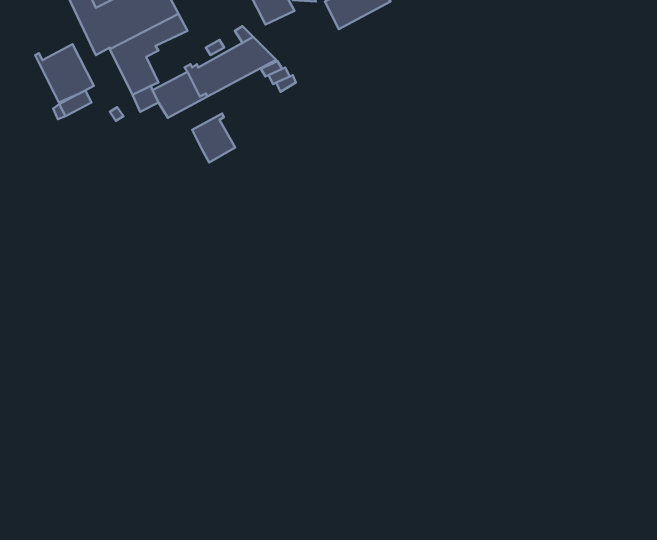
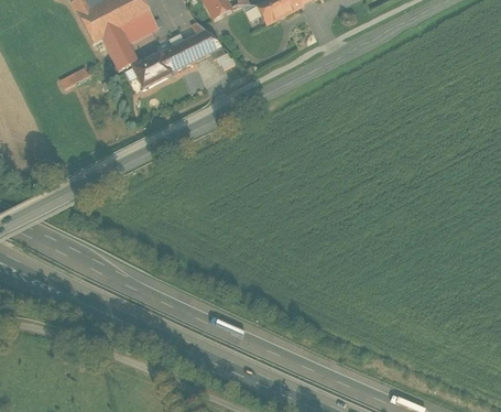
building: [35,44,94,103] -> none
building: [192,114,235,162] -> none

